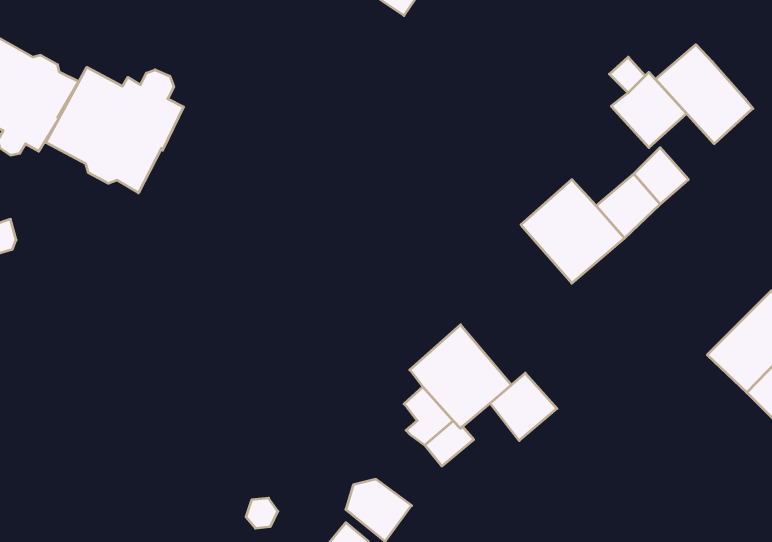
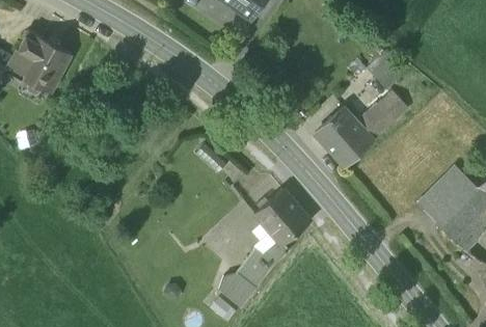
building: [655,45,753,144] -> none
building: [46,67,184,193] -> none
building: [490,373,557,441] -> none
building: none -> [237,248,273,288]

